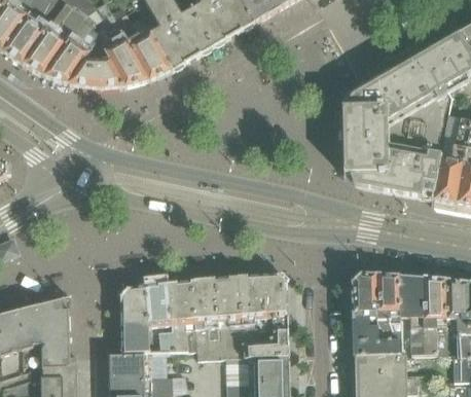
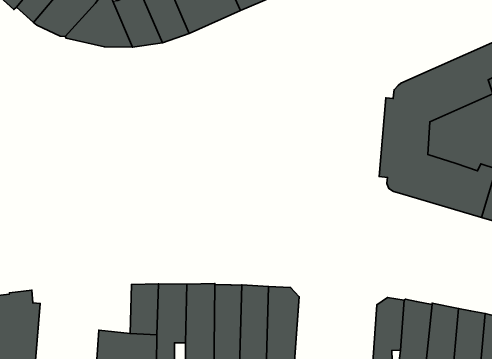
building: [120,285,148,326] -> none

